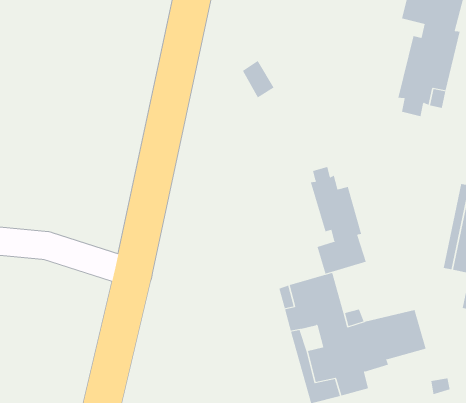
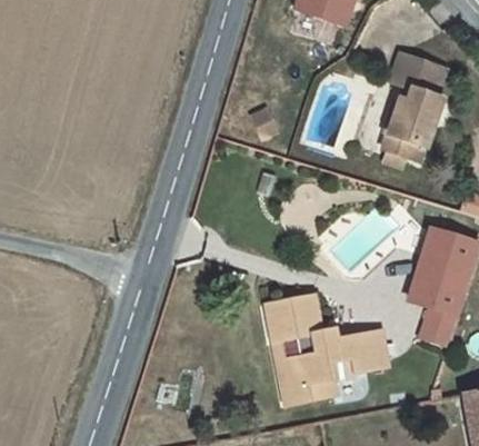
building: [310,166,366,274] -> none

